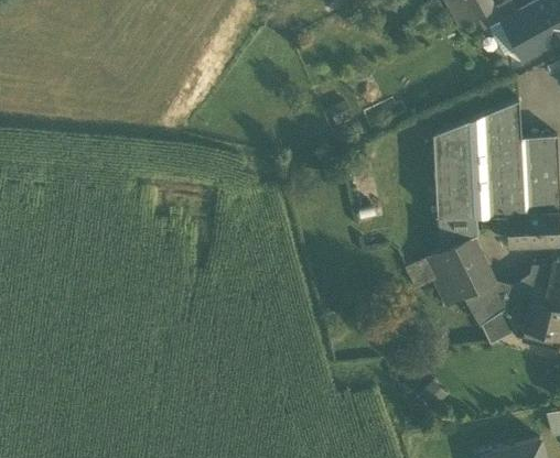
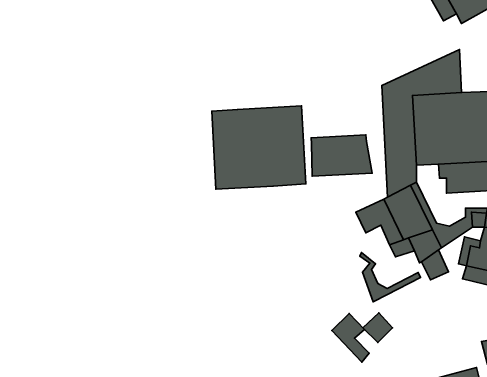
building: none -> [212,106,306,189]
building: none -> [311,135,372,176]
building: none -> [360,252,421,302]
building: none -> [332,313,369,362]

